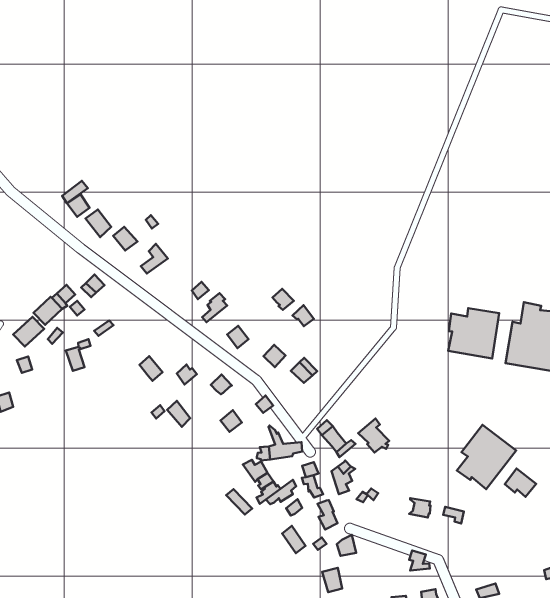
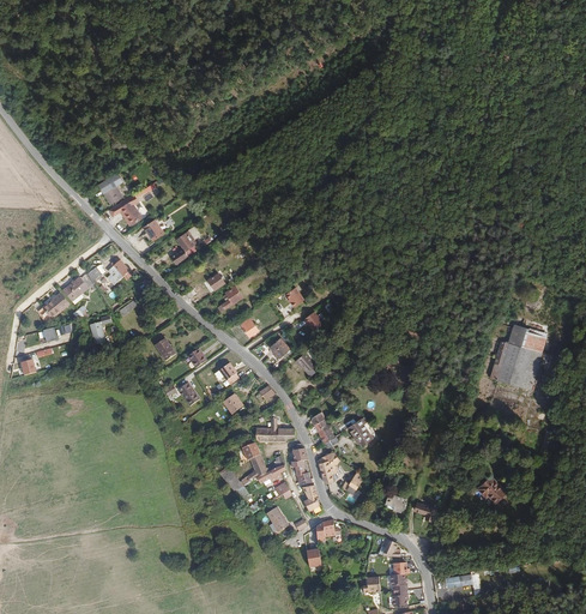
building: [448,308,499,358] -> none
building: [457,425,516,489] -> none

